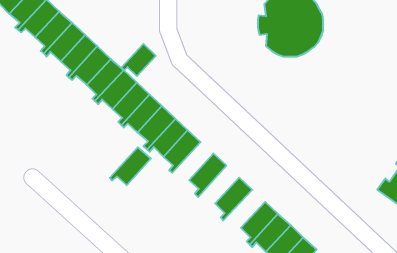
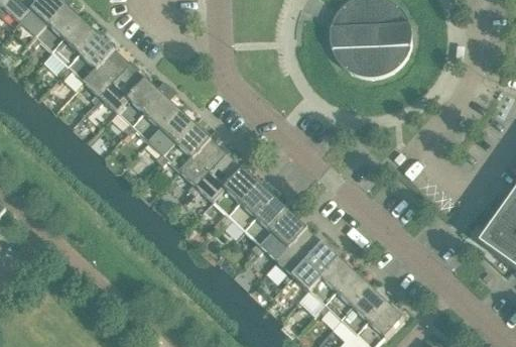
building: [121,44,156,76] -> none
building: [110,147,151,185] -> [223,182,274,229]
building: none -> [255,211,306,258]
building: none -> [286,241,339,288]

